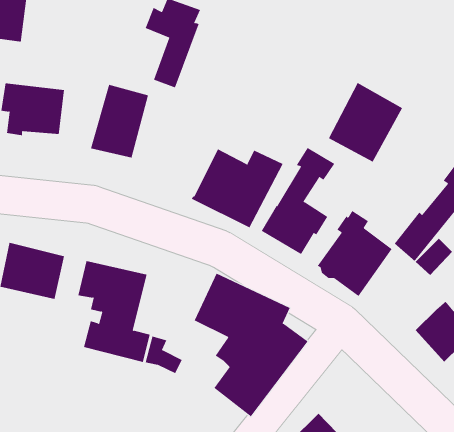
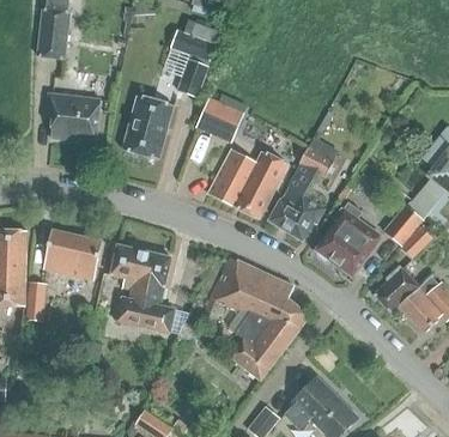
building: [328,82,403,162] -> none
building: none -> [198,97,243,138]
building: none -> [374,267,418,312]

